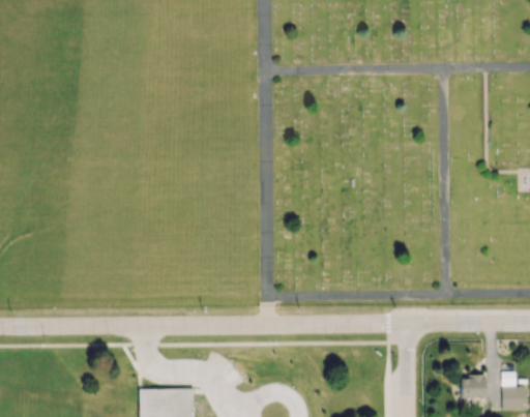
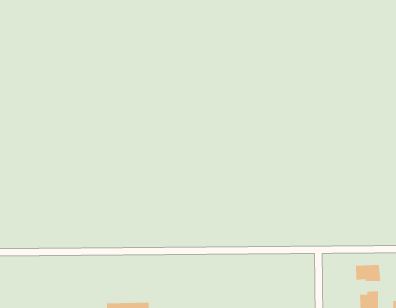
building: none -> [355,264,381,282]

